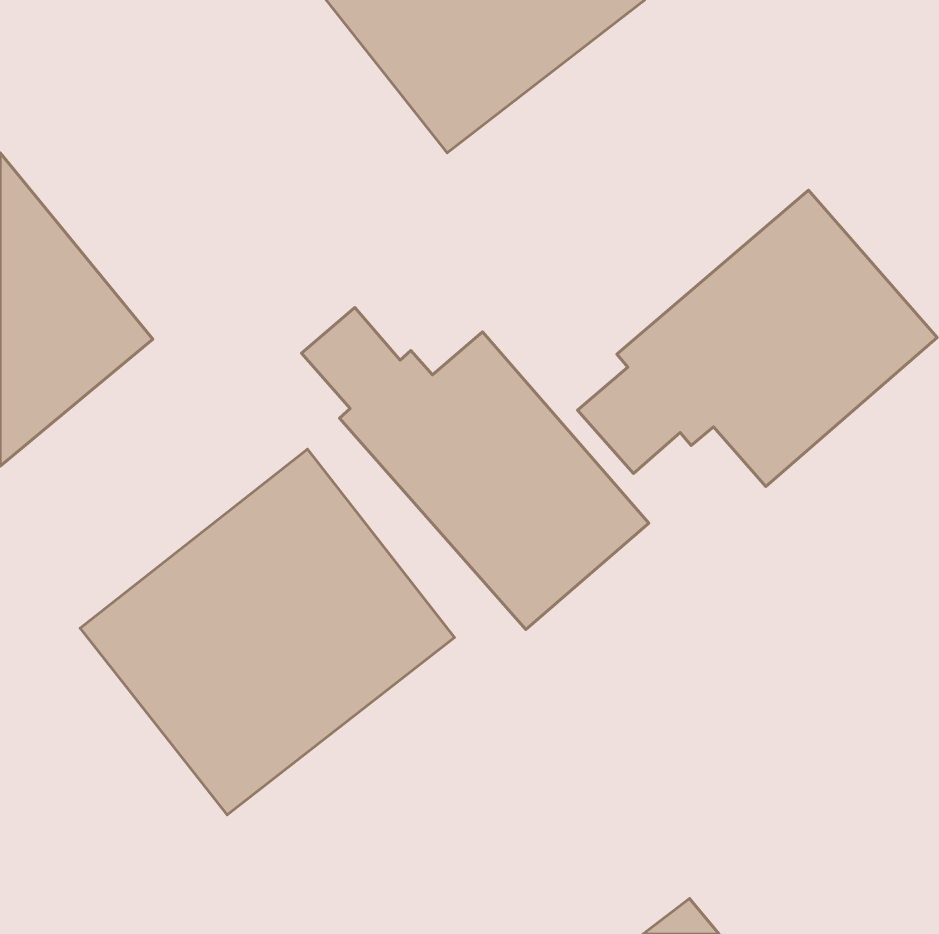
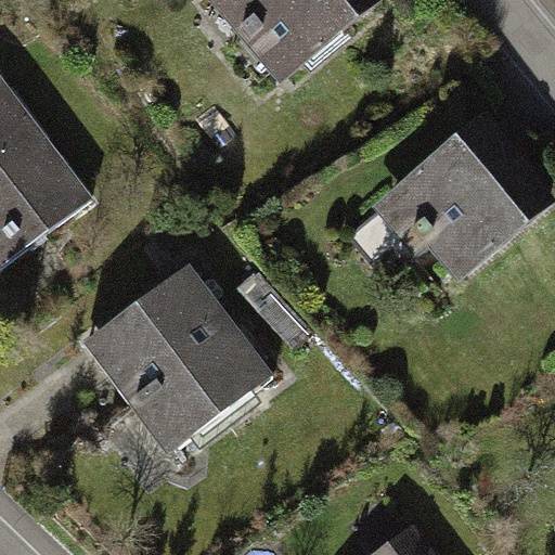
building: [301,308,649,630] -> none

